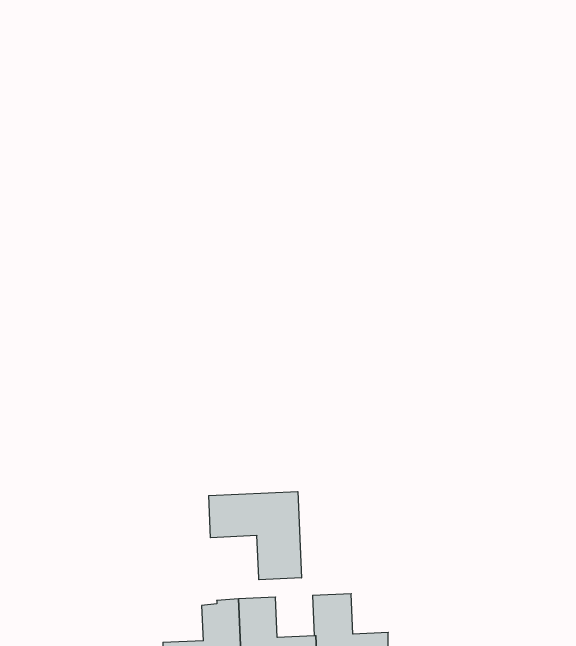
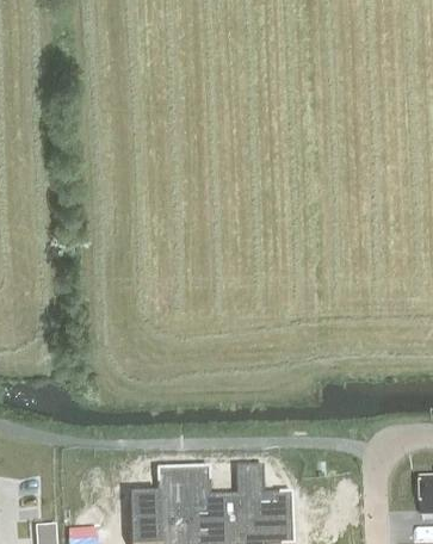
building: [209,492,301,580] -> none

